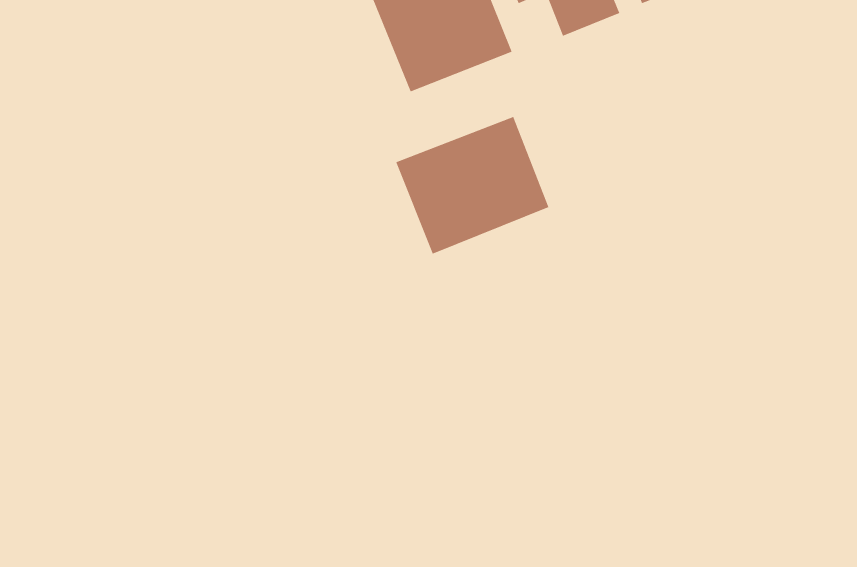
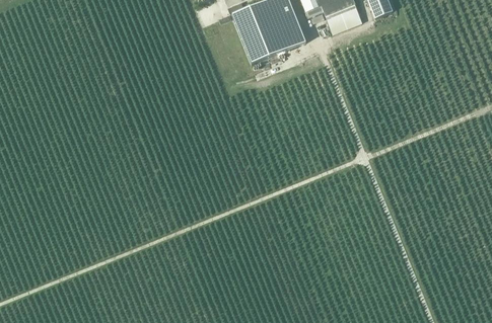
building: [395,116,549,254] -> none

